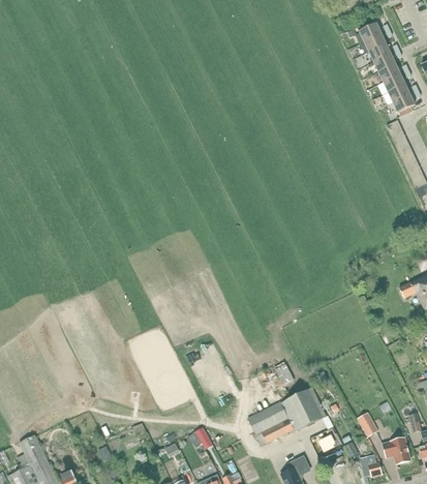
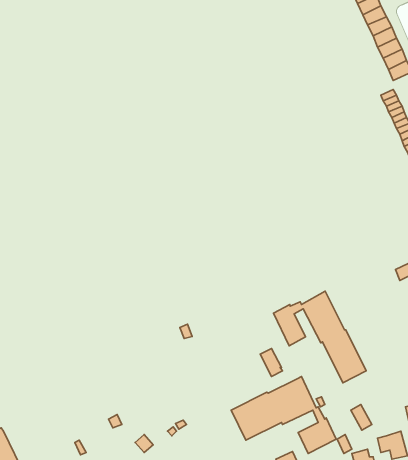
building: none -> [274,291,366,383]

